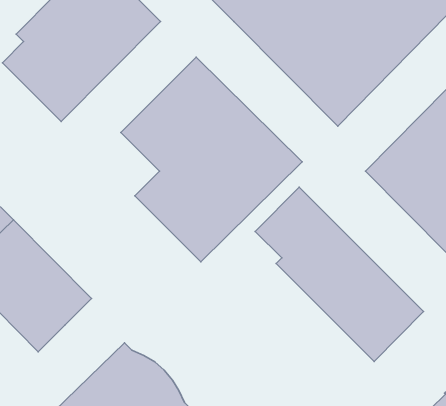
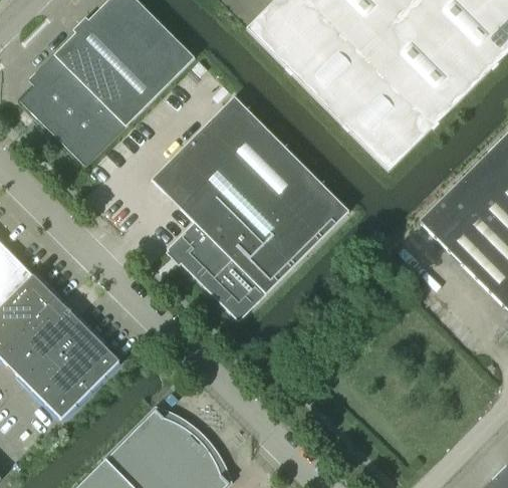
building: [255,187,423,361] -> none

